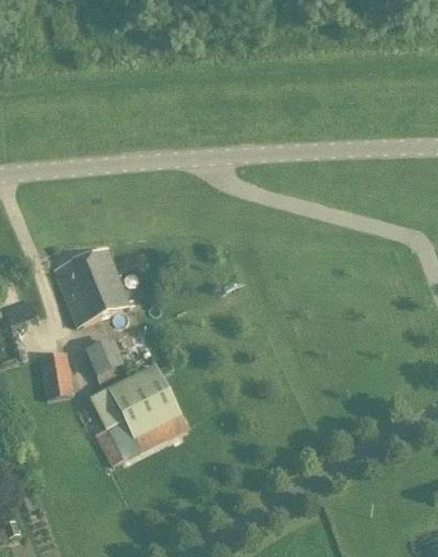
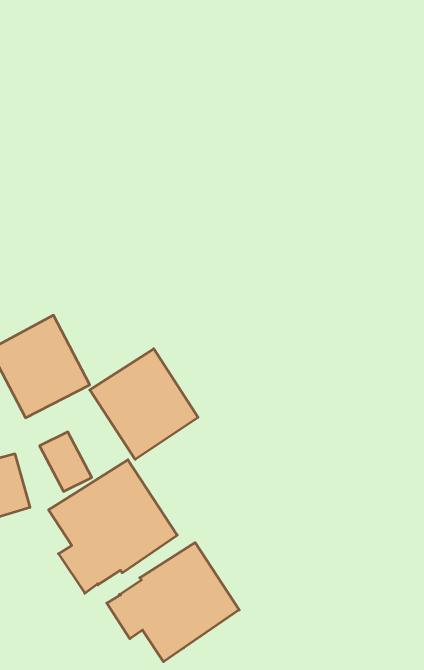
building: none -> [90,349,198,459]
building: none -> [107,543,239,662]

